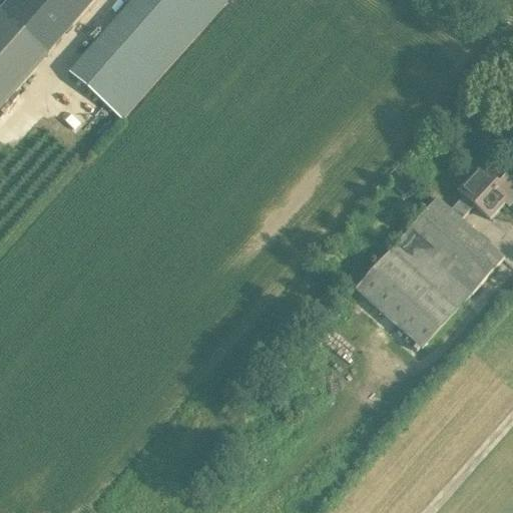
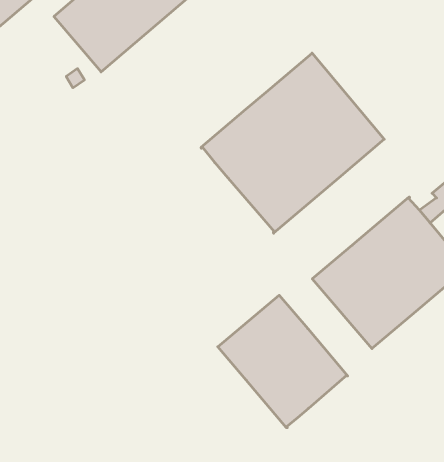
building: none -> [201,53,384,233]
building: none -> [218,295,348,428]

